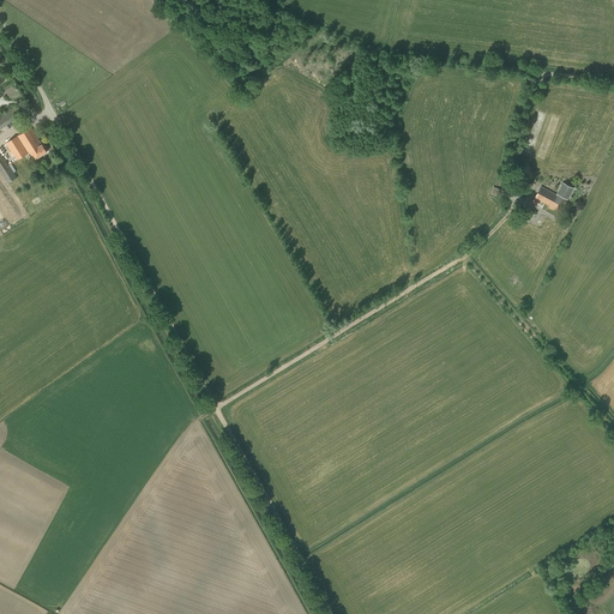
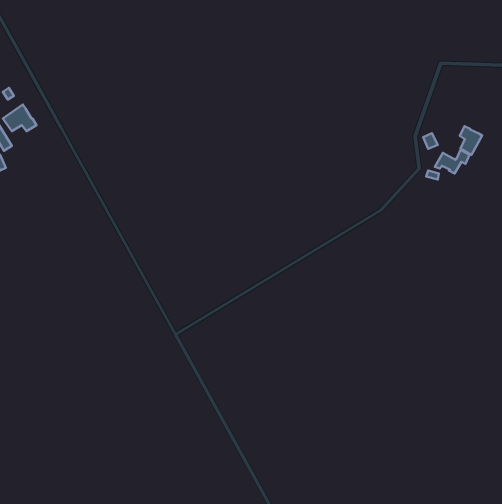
building: none -> [460,126,482,155]

